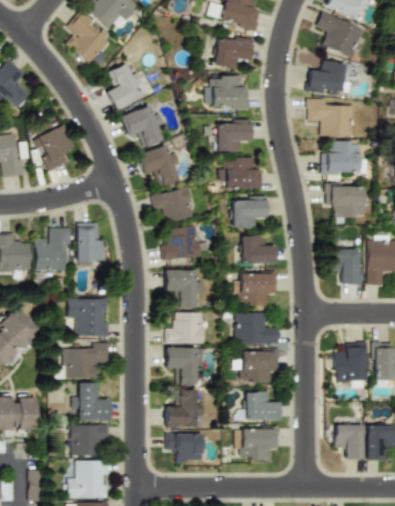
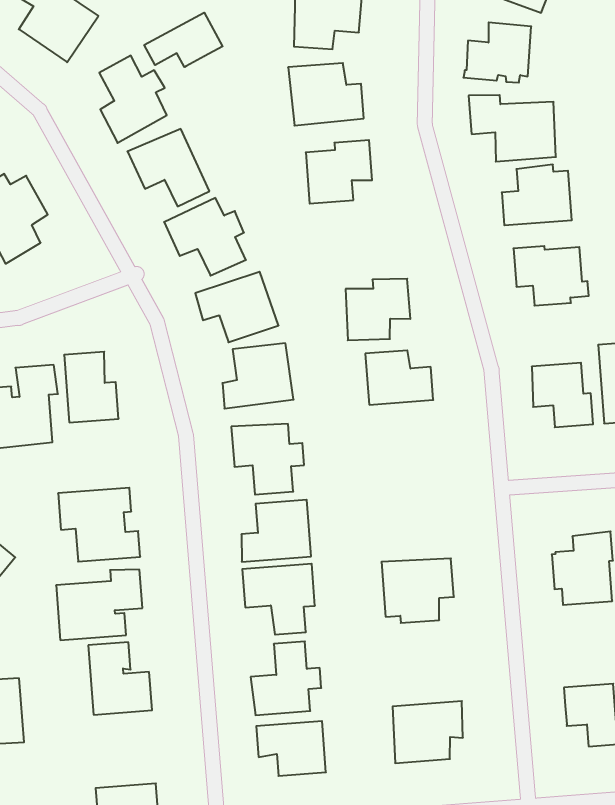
building: none -> [144,13,223,67]
building: [219,157,263,189] -> none
building: [236,272,277,305] -> none
building: [235,312,280,343] -> none
building: [245,391,280,420] -> none
building: [73,424,109,455] -> none

